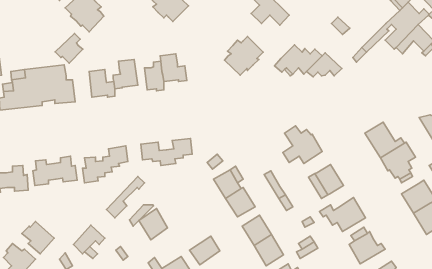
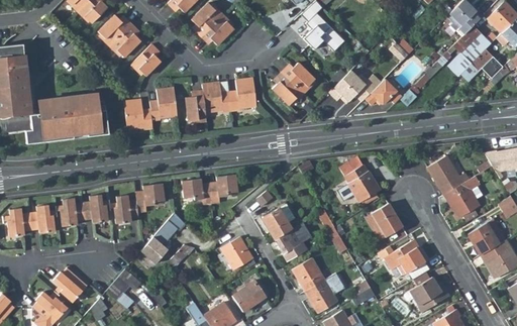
building: [55,34,83,63] -> [130,43,161,76]
building: none -> [229,78,256,111]
building: [139,209,167,240] -> [220,237,251,271]

